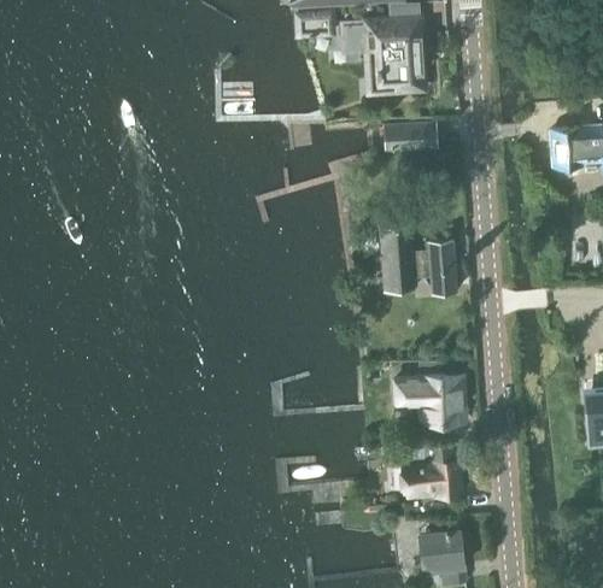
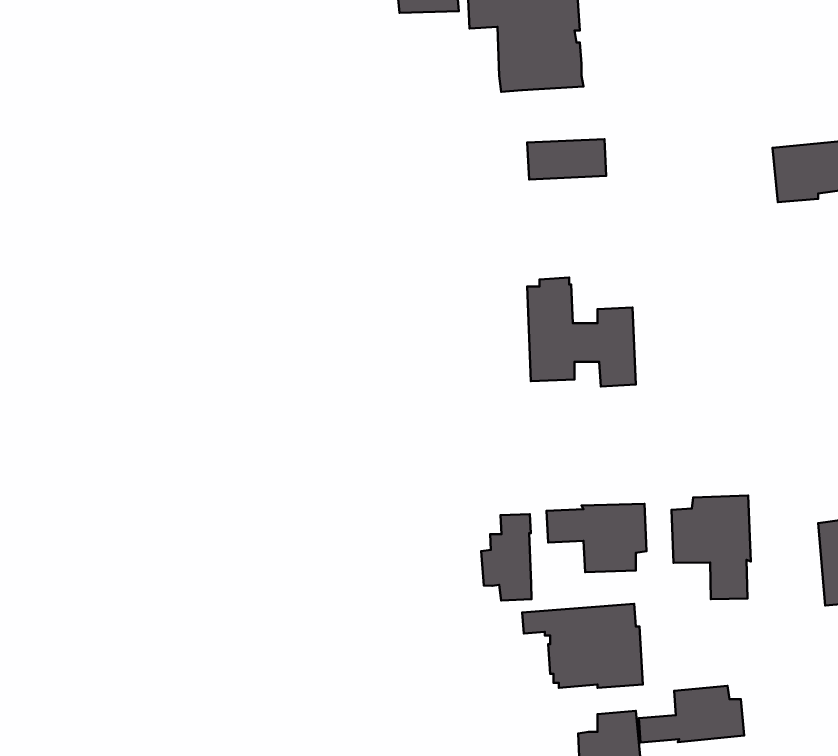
building: none -> [672,496,751,599]
building: none -> [481,514,532,601]
building: none -> [639,686,744,743]

